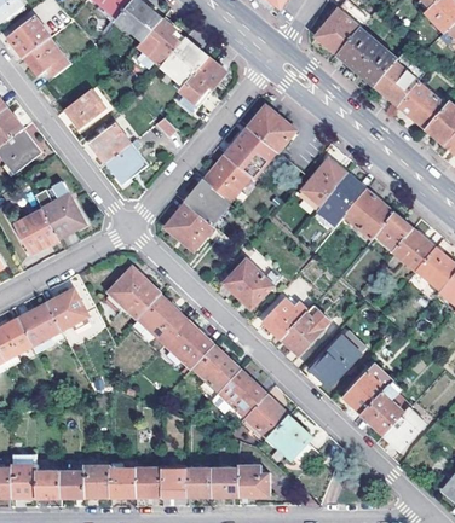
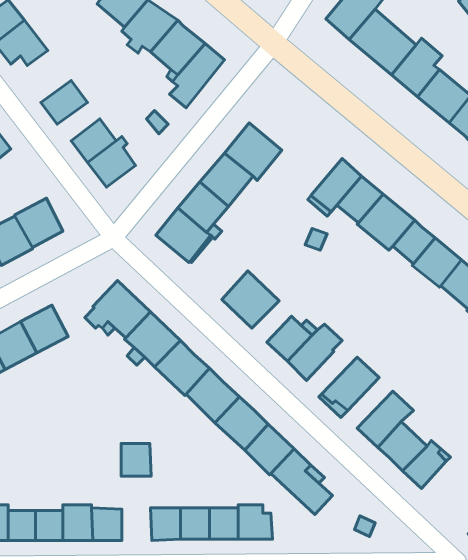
building: [248,106,296,153] -> none
building: [136,467,162,496] -> [121,443,151,476]

